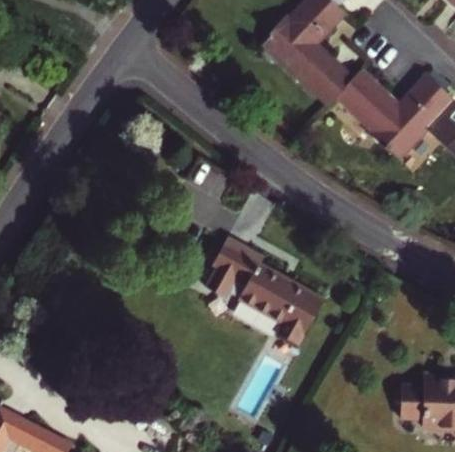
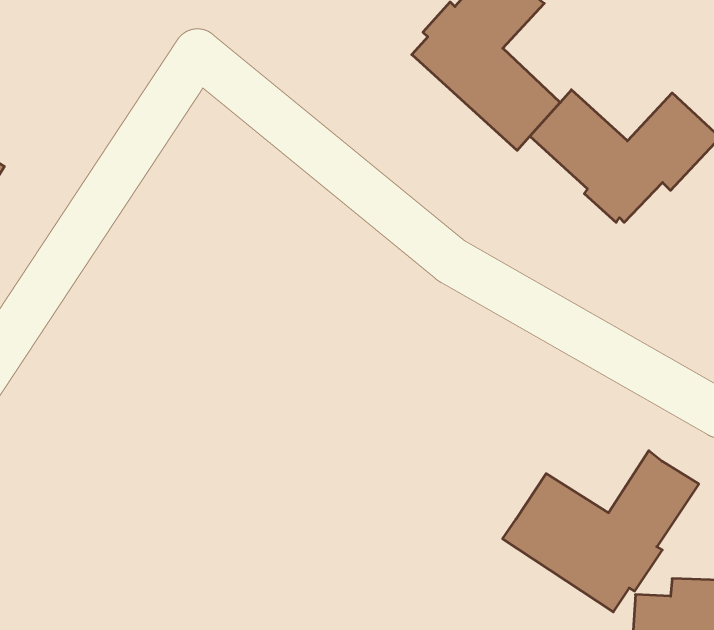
building: [205,236,324,346] -> none
building: none -> [503,451,699,612]

